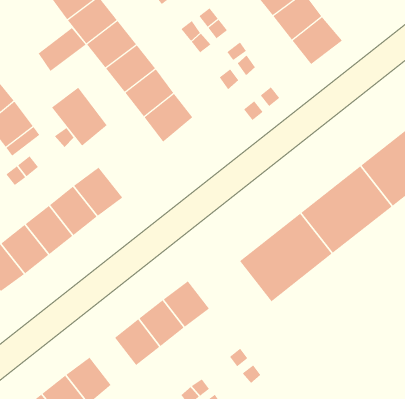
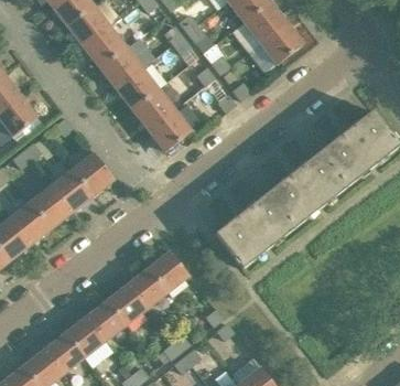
building: [38,27,86,72] -> none
building: [51,87,108,147] -> none
building: none -> [149,109,192,152]
building: none -> [86,300,126,341]

